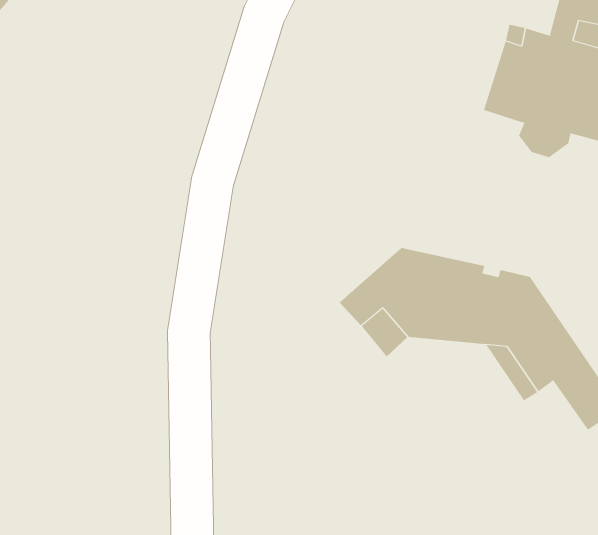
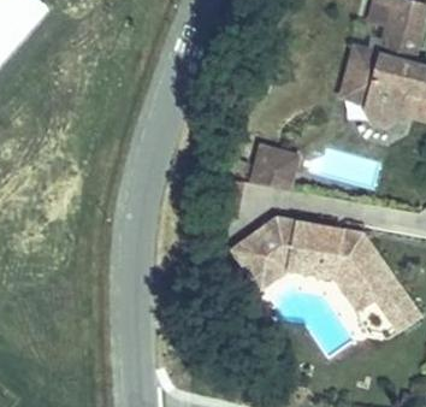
building: none -> [250,148,296,191]

